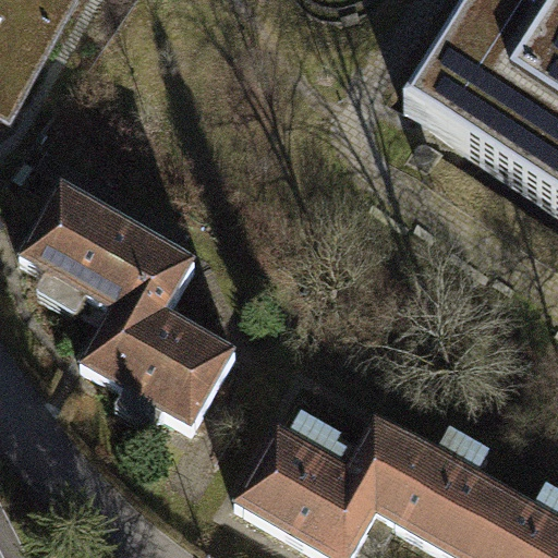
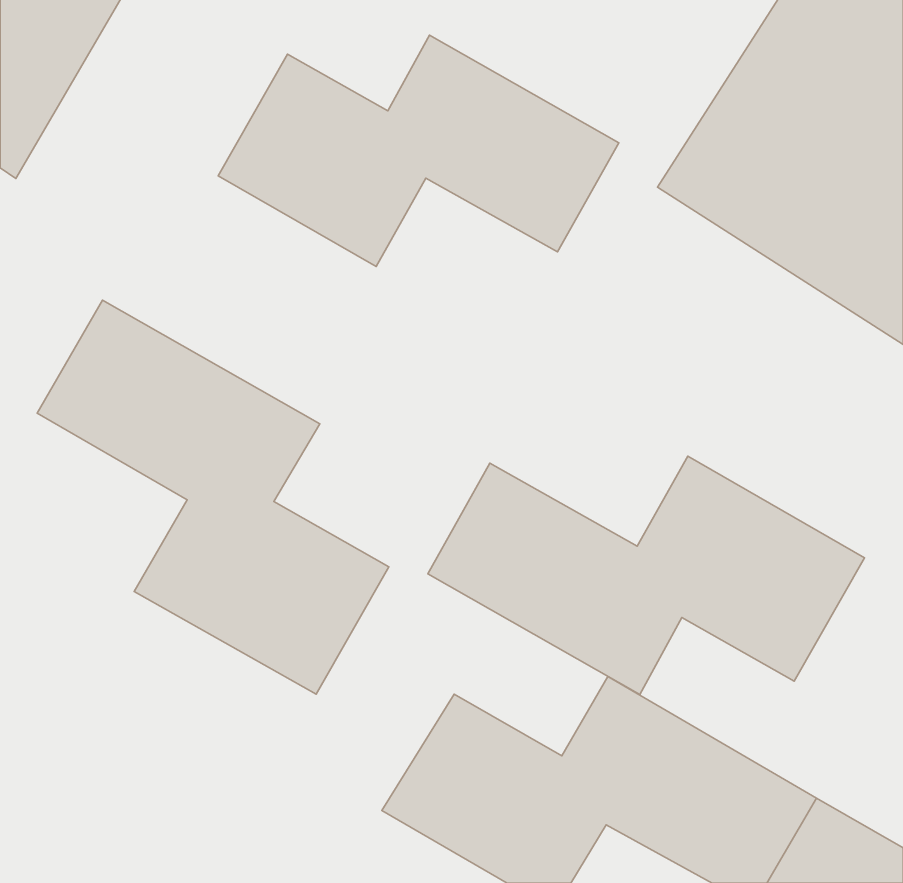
building: none -> [218,35,619,267]
building: none -> [428,456,864,695]

